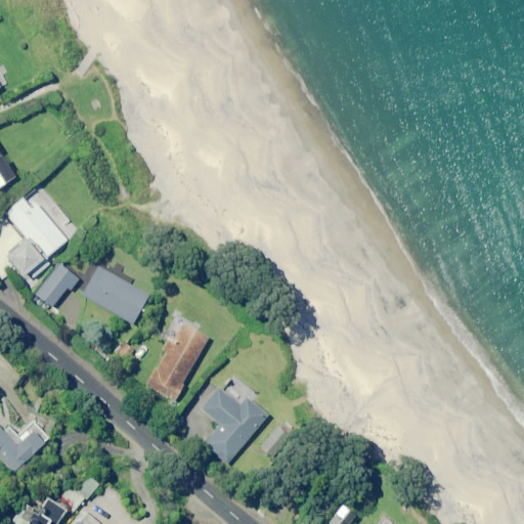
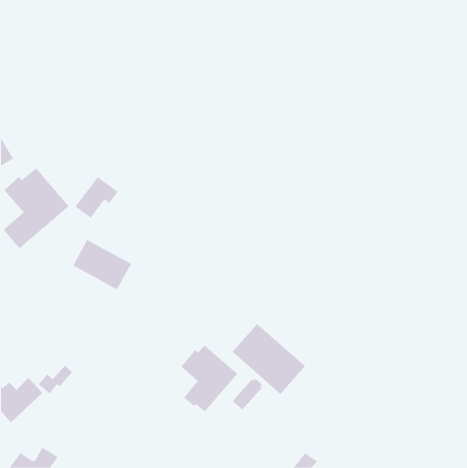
building: [33,261,82,308] -> [75,176,119,219]
building: [147,316,209,401] -> none
building: none -> [232,323,306,395]
building: [60,477,99,510] -> [38,365,73,394]

